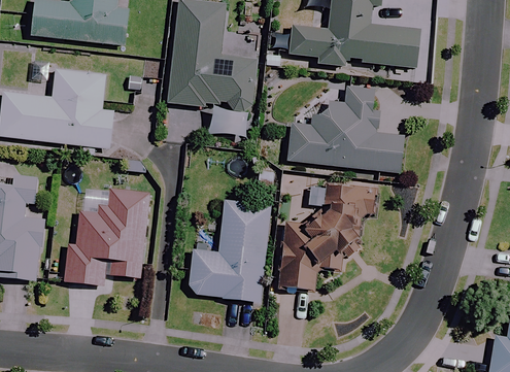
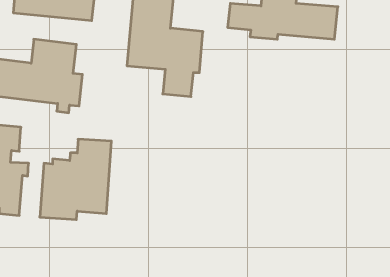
building: [286,83,405,173] -> none
building: [275,181,376,291] -> none
building: [188,200,270,301] -> none

